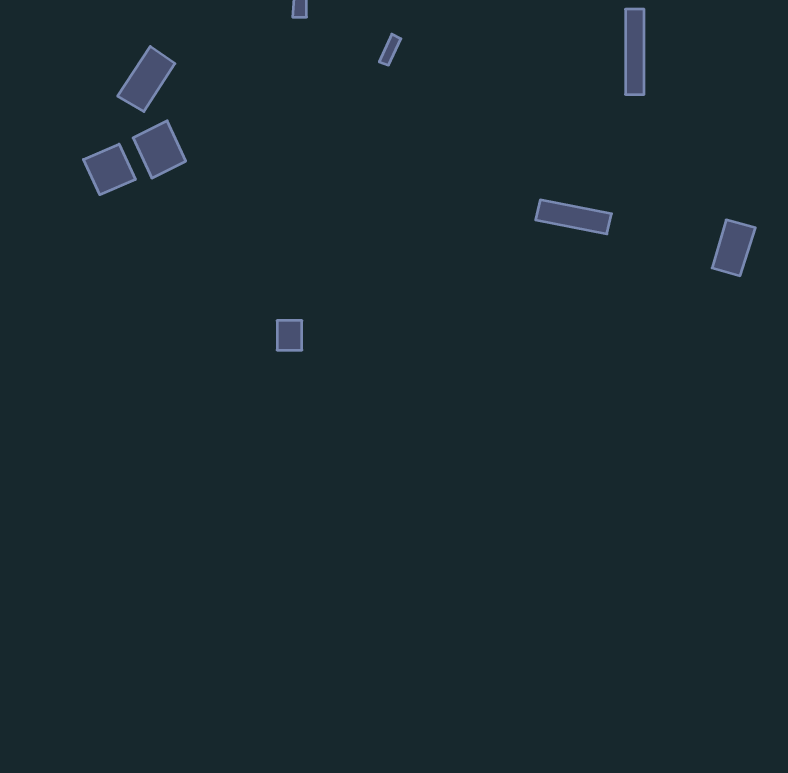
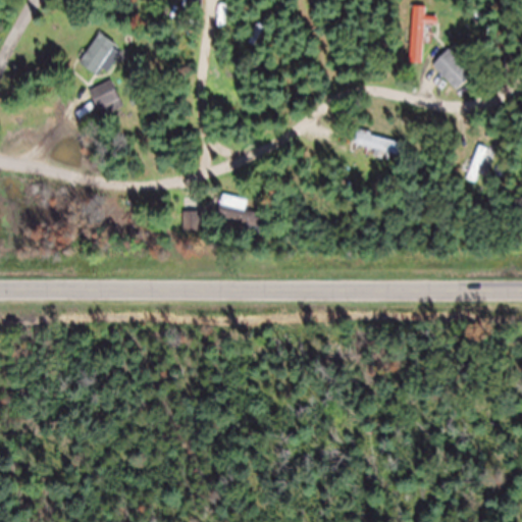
building: none -> [432,48,473,89]
building: [83,144,135,195] -> none
building: none -> [216,193,265,230]

